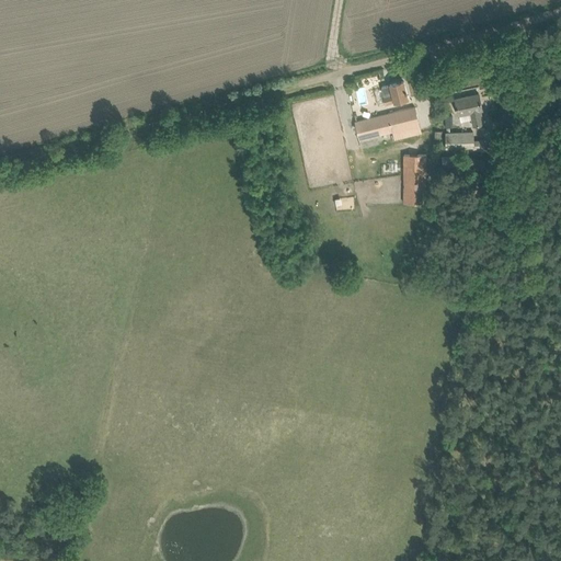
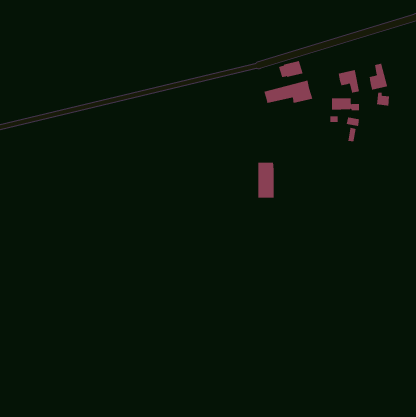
building: none -> [369,63,388,90]
building: [403,154,426,203] -> [258,162,275,198]

